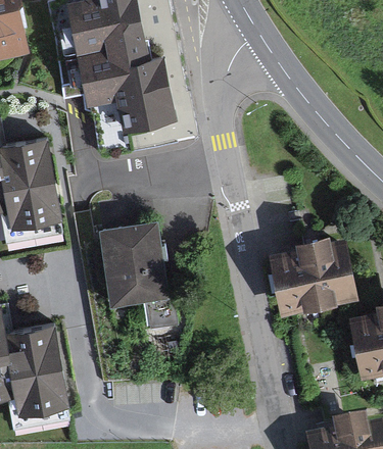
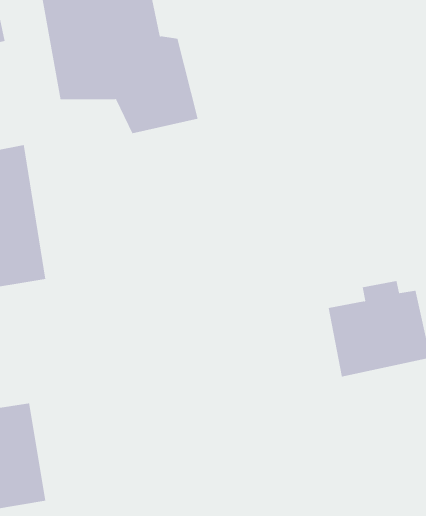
building: [111,227,187,328] -> none

